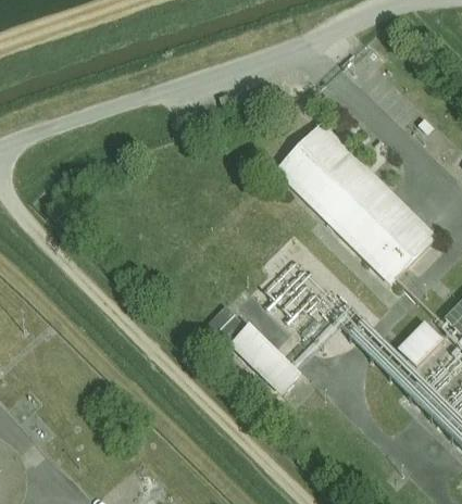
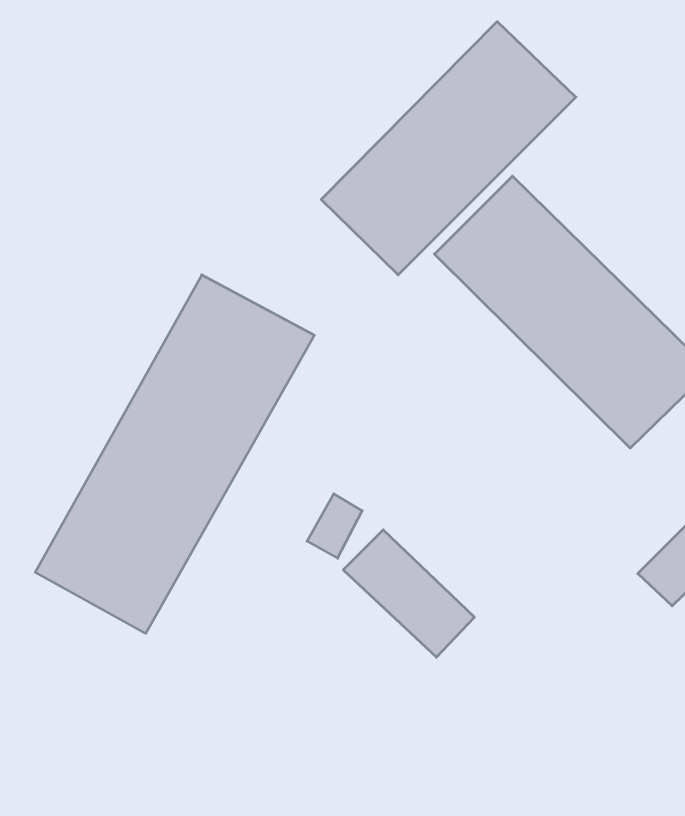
building: none -> [321,22,576,275]
building: none -> [35,275,314,633]

